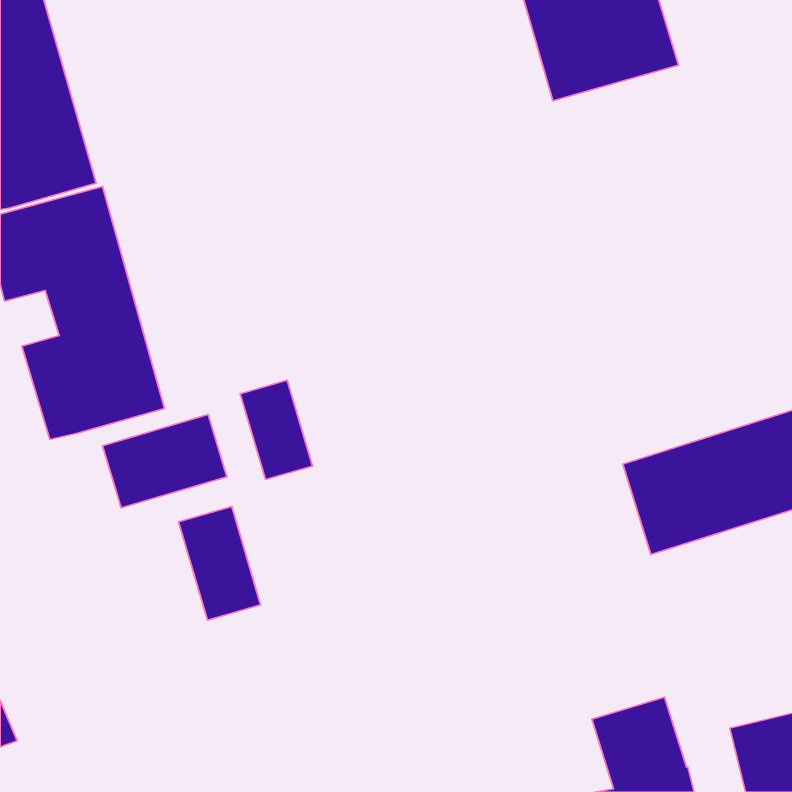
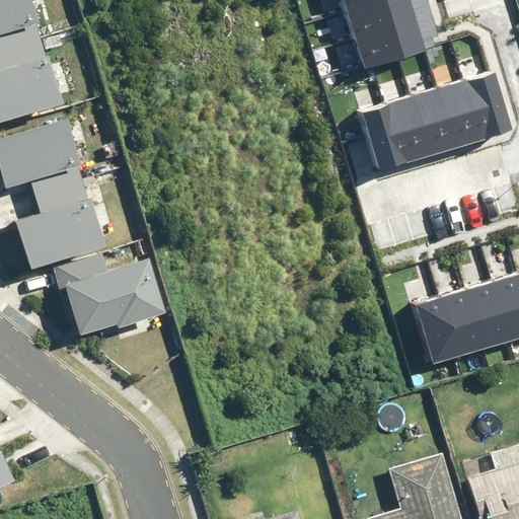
building: none -> [355,77,505,174]
building: [240,380,312,480] -> none
building: [178,506,261,620] -> none

